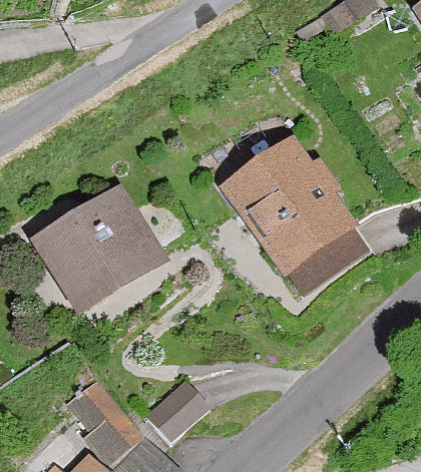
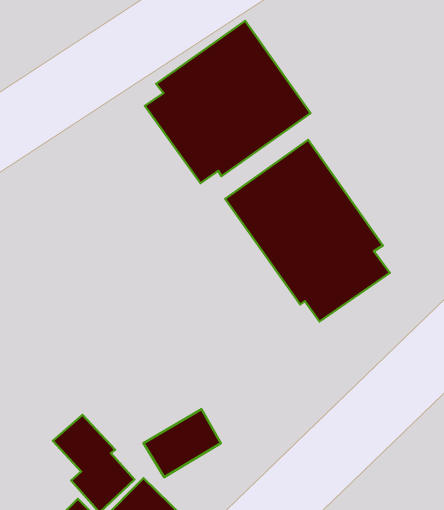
building: none -> [145,21,310,183]
building: [32,185,167,316] -> none

